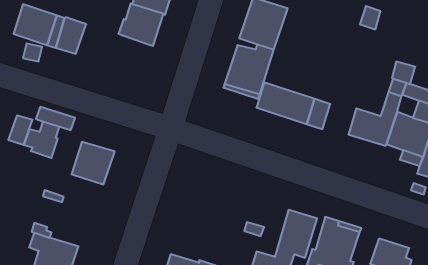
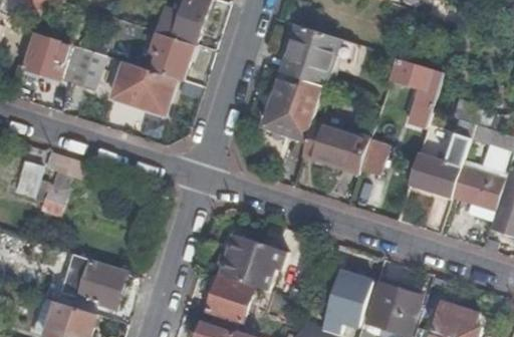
building: none -> [393,58,443,128]
building: none -> [111,62,176,114]
building: [71,142,115,184] -> [76,260,126,309]
building: none -> [217,232,290,290]
building: none -> [206,275,251,320]

